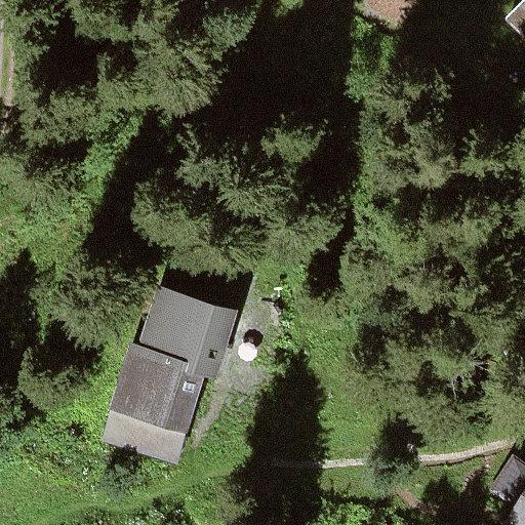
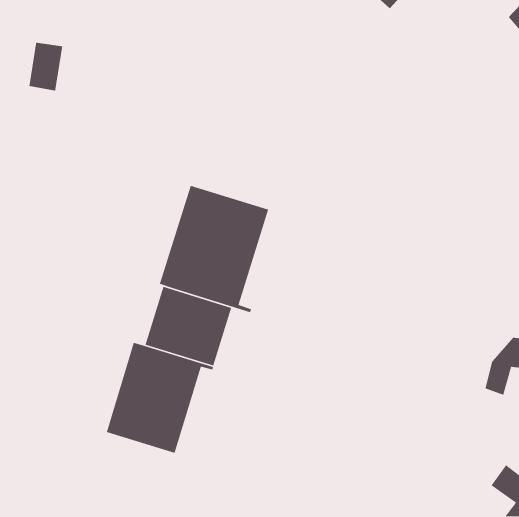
building: none -> [159,185,269,313]

